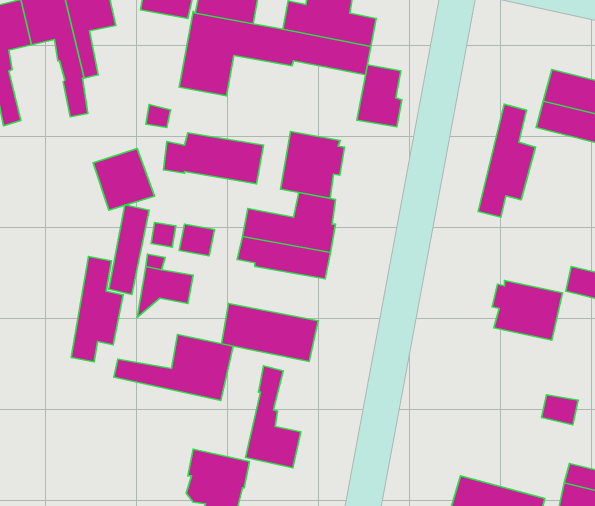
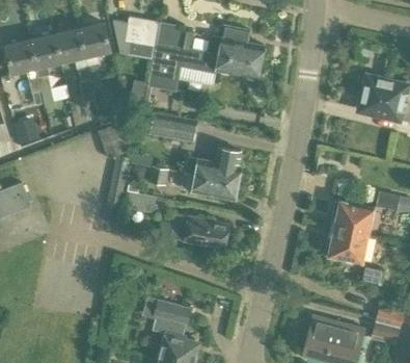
building: [357,65,402,127] -> none
building: [478,104,535,217] -> none
building: [280,131,344,198] -> none
building: [71,256,123,362] -> none
building: none -> [325,229,367,263]
building: [114,335,233,401] -> none
building: [246,366,301,468] -> none

